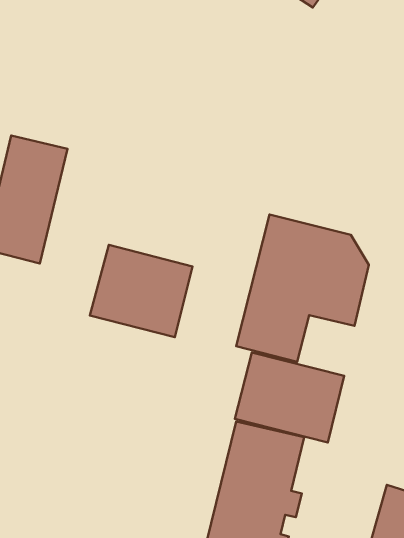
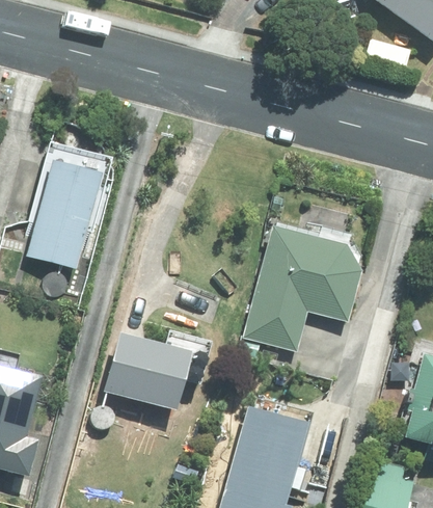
building: [90,245,193,337] -> [100,328,189,408]
building: [235,353,344,443] -> none

